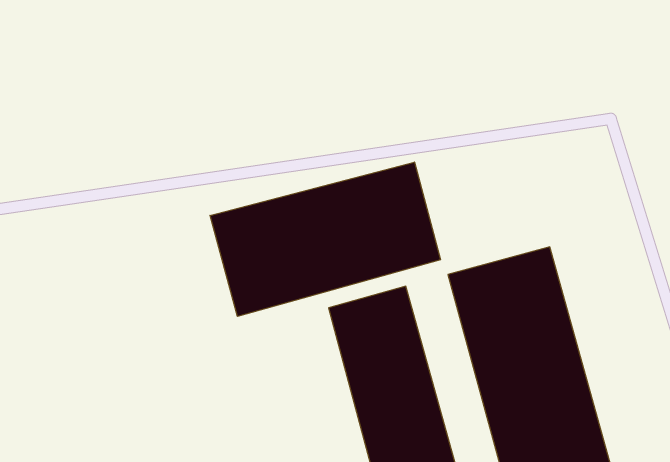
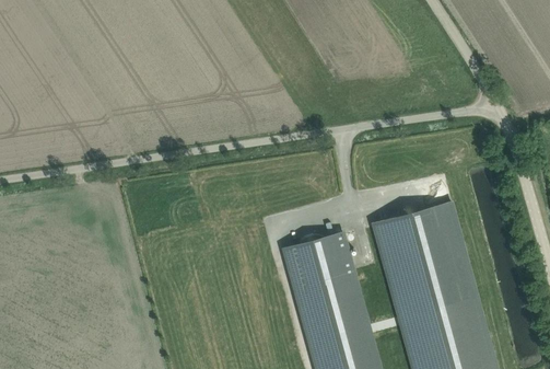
building: [210,162,440,316] -> none

